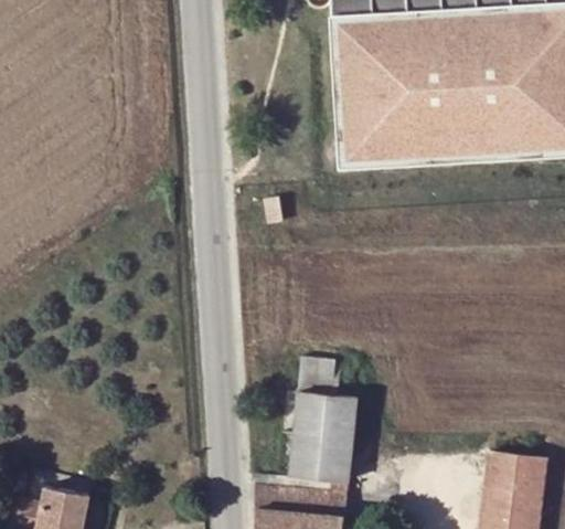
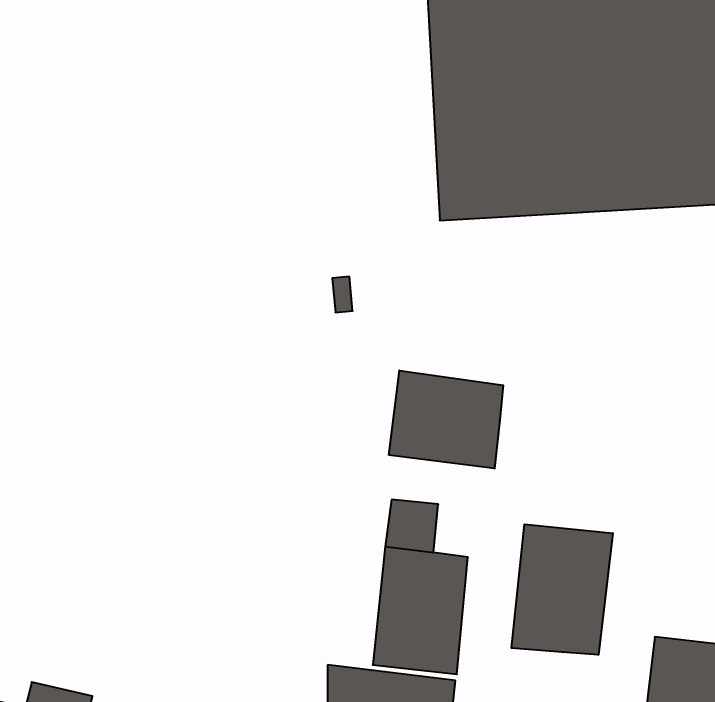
building: none -> [389,370,503,469]
building: none -> [511,524,613,655]

